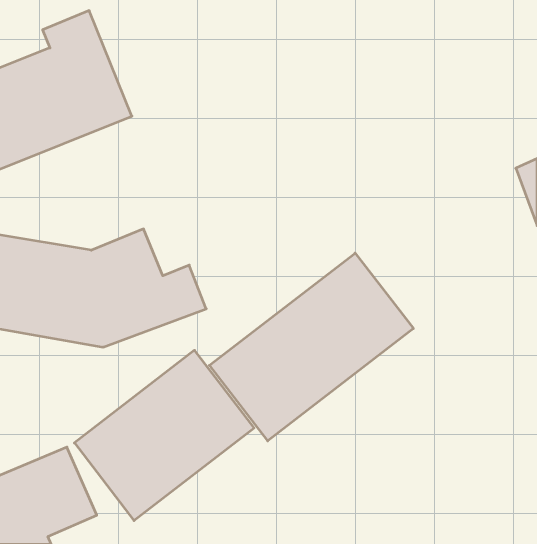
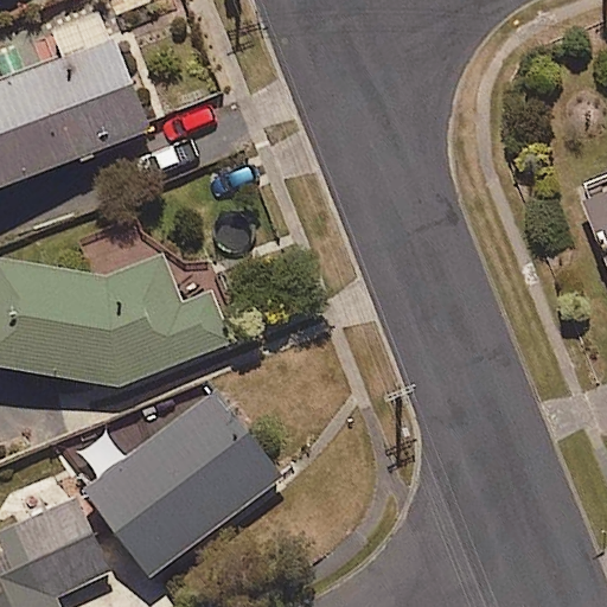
building: [209,253,413,441] -> none

